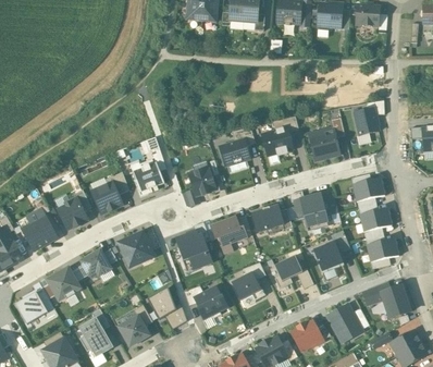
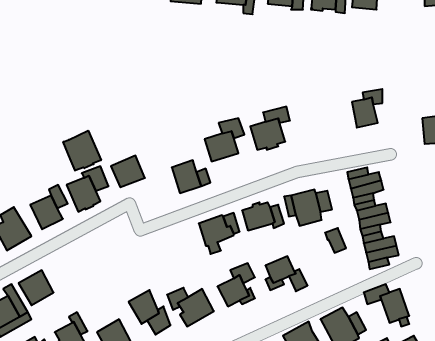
building: [309,124,348,162] -> none
building: none -> [63,131,101,171]
building: [173,230,211,272] -> none
building: [120,232,153,266] -> none
building: [312,241,343,272] -> none
building: [77,249,111,279] -> none

